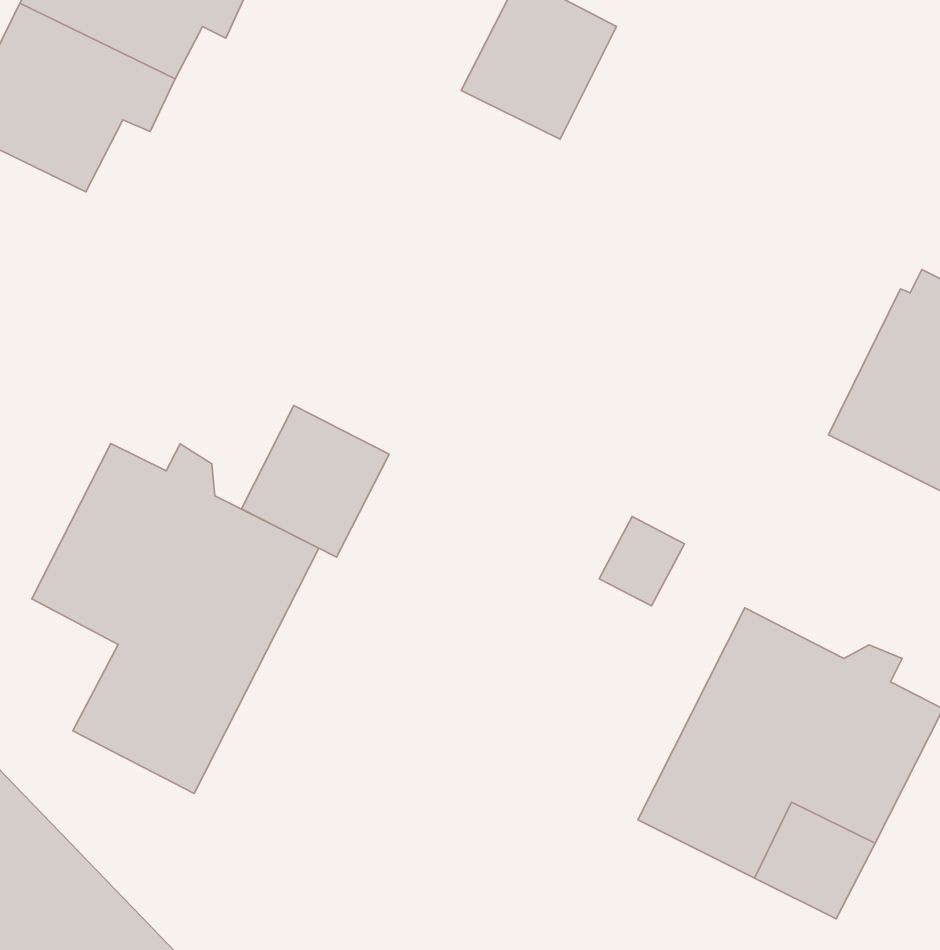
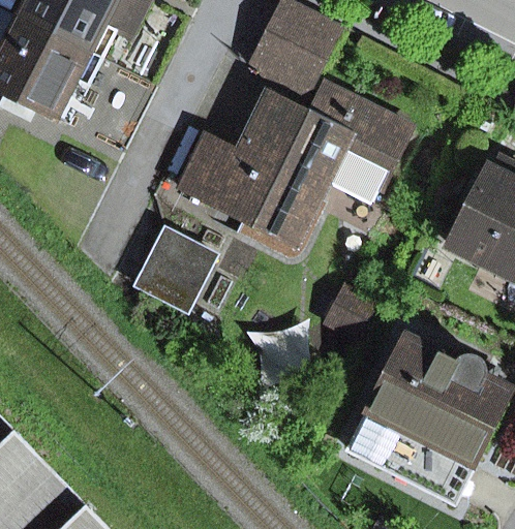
building: none -> [179,84,408,245]
building: [32,443,319,793] -> none

